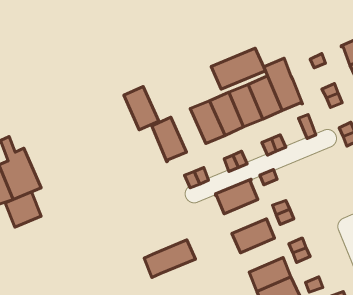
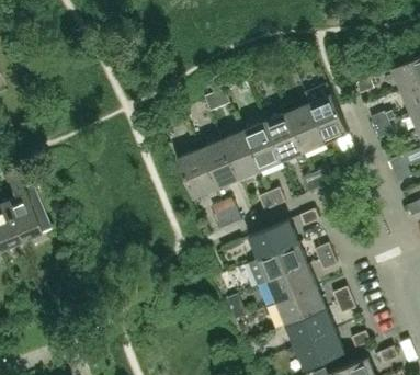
building: [211,48,265,89] -> none
building: [124,86,159,130] -> [197,140,237,190]
building: [5,192,41,227] -> none
building: none -> [276,287,325,326]
building: [144,240,195,277] -> [248,243,306,286]

